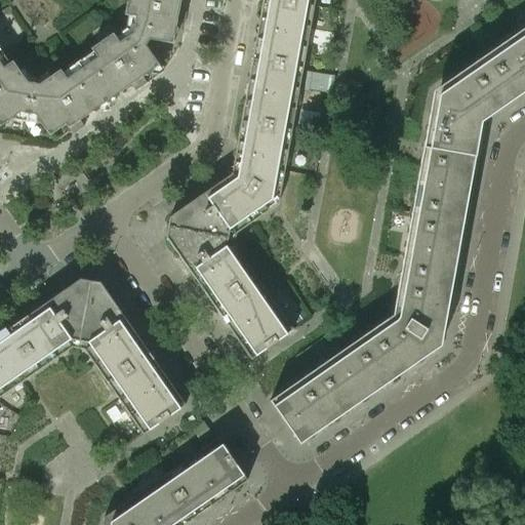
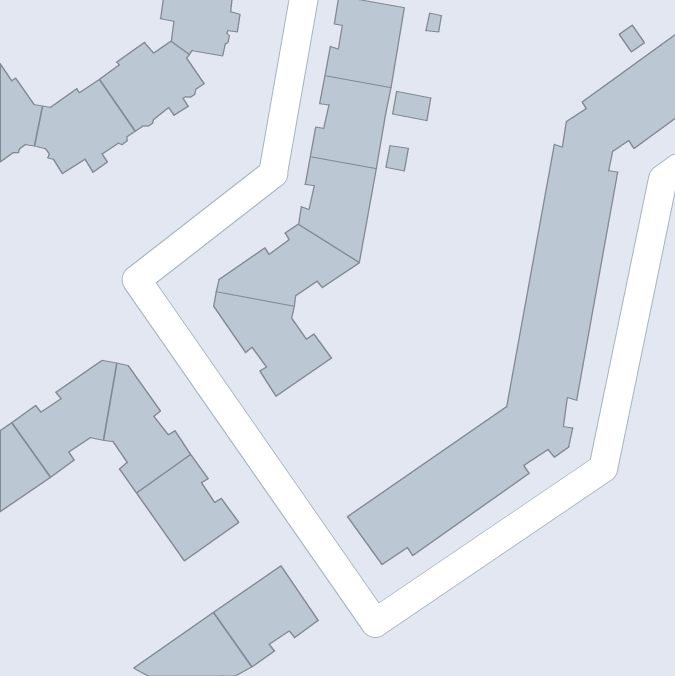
building: [215,277,294,359] -> none

